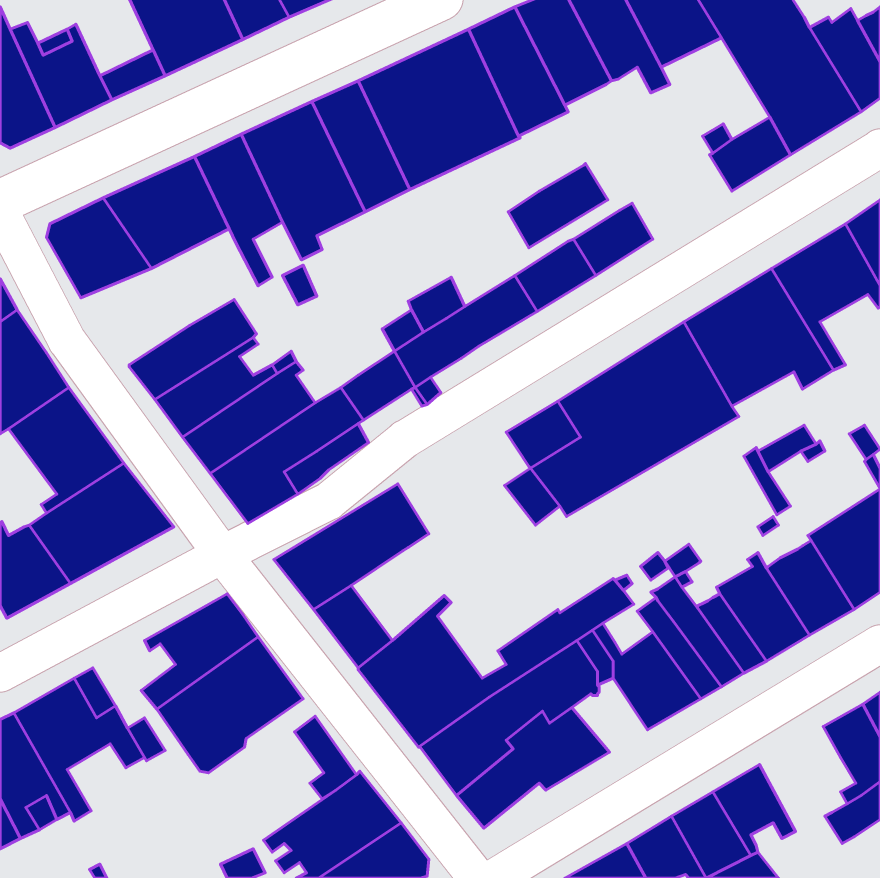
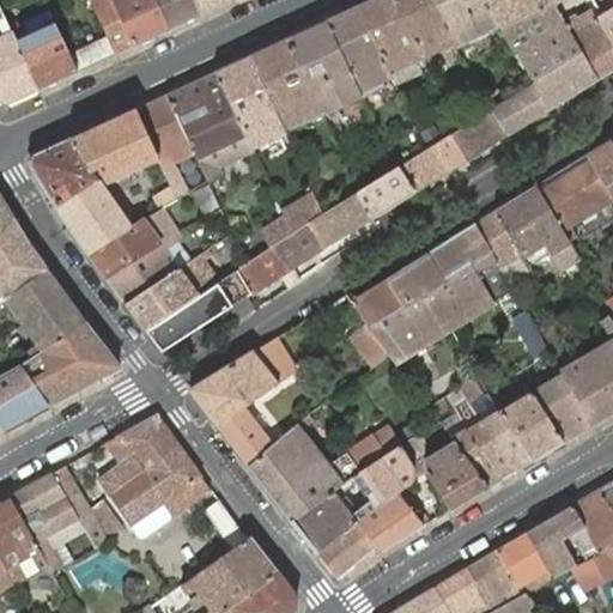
building: [508,164,608,248] -> [439,108,509,166]
building: none -> [56,187,132,254]
building: none -> [528,505,584,578]

